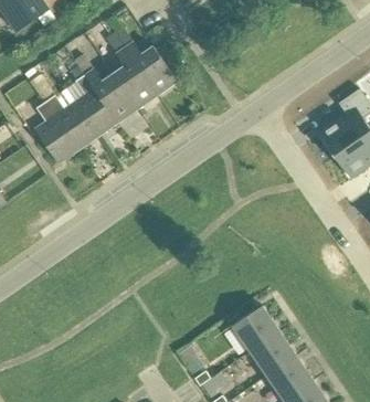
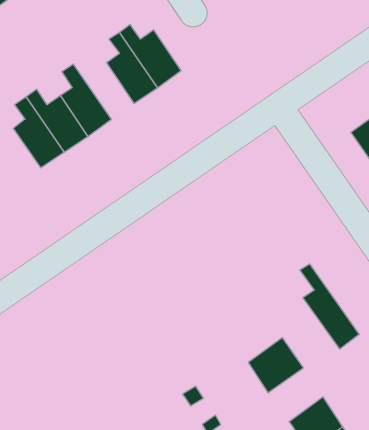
building: [85,70,136,121] -> none
building: none -> [300,264,359,349]
building: [249,330,295,375] -> none

